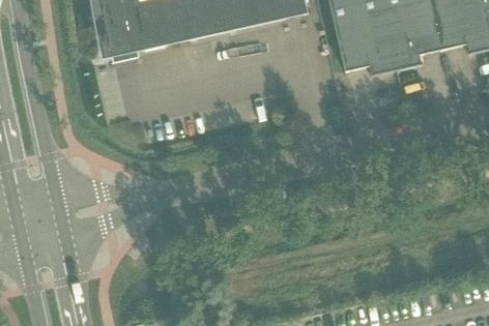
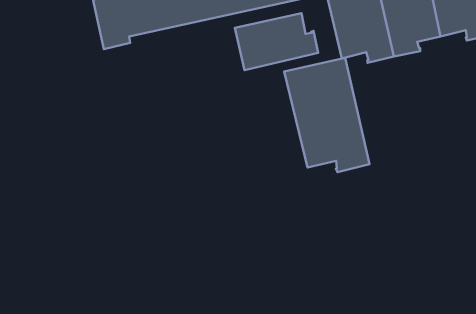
building: none -> [235,13,318,70]
building: none -> [284,58,369,172]

